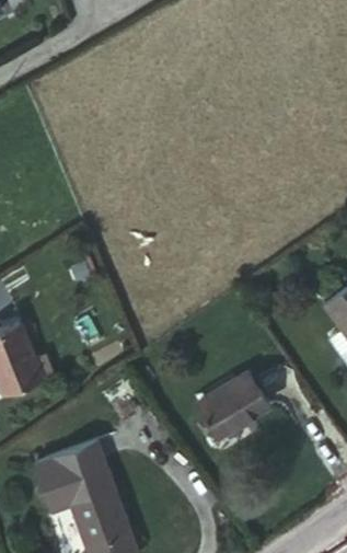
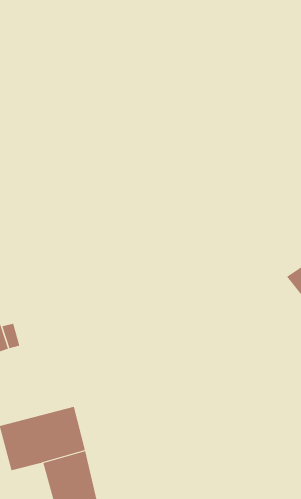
building: [201,372,277,440] -> none

